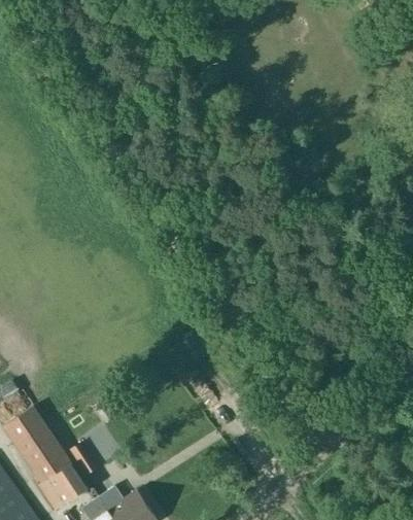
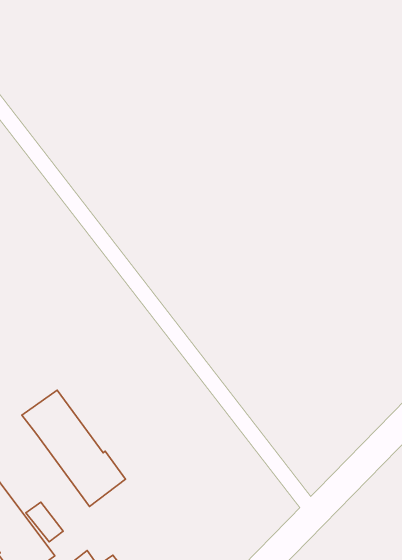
building: none -> [22,390,126,506]

